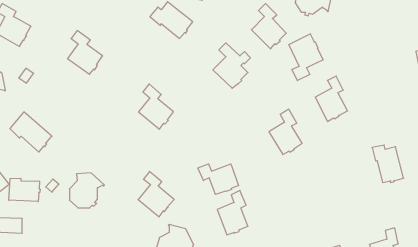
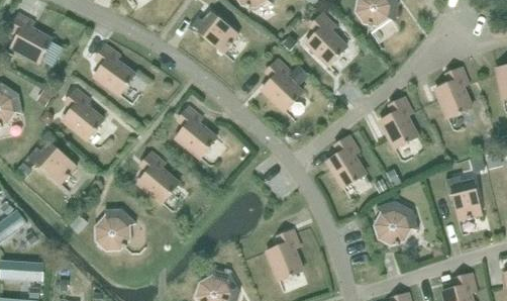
building: [289,34,323,81] -> none
building: none -> [434,67,471,117]
building: none -> [63,88,103,139]
building: [198,164,239,194] -> none
building: none -> [375,199,418,244]
building: [138,171,174,217] -> [137,150,179,203]
building: [9,178,40,202] -> none

